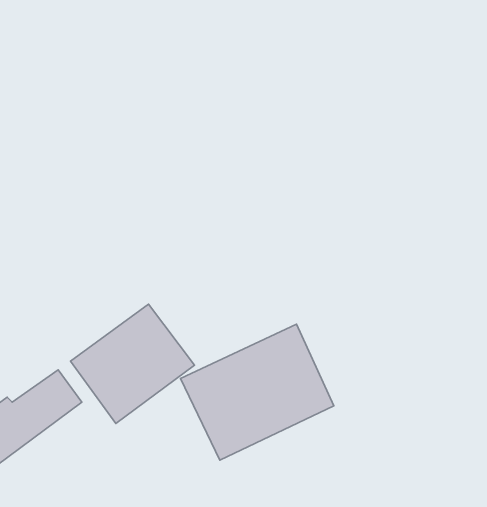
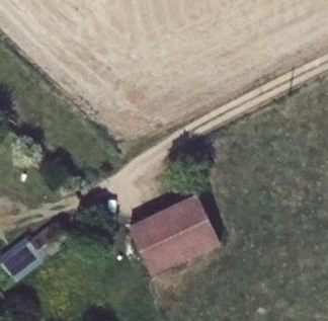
building: [70,304,194,423] -> none

